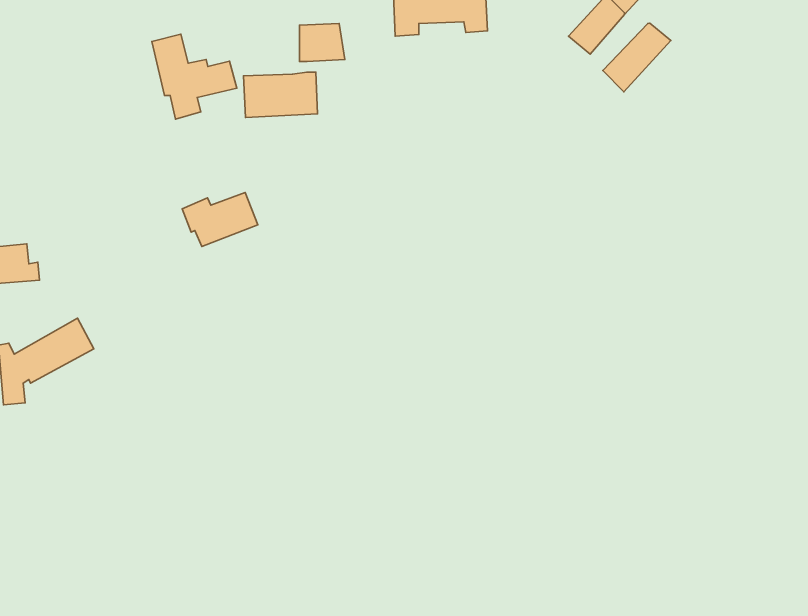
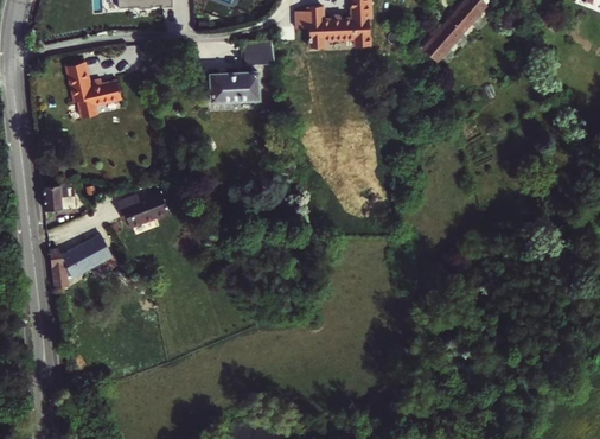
building: [603,23,671,92] -> none
building: [152,34,237,119] -> [65,63,121,119]
building: [182,192,258,247] -> [119,192,168,228]

